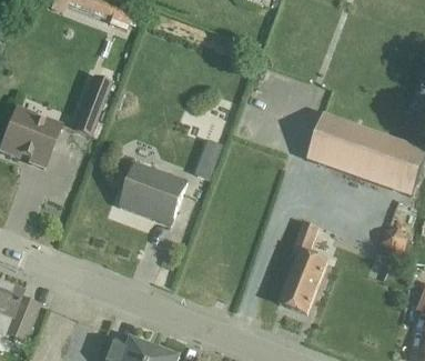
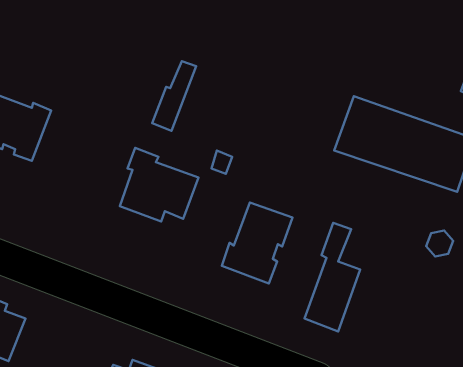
building: [72,76,110,136] -> [152,61,196,131]
building: none -> [222,202,293,284]

